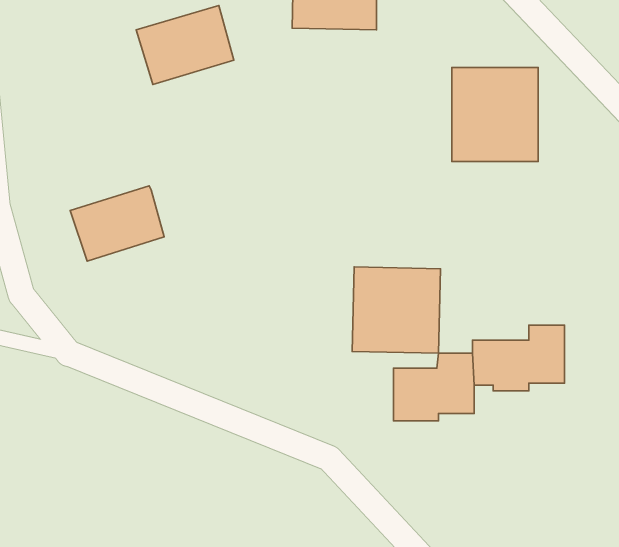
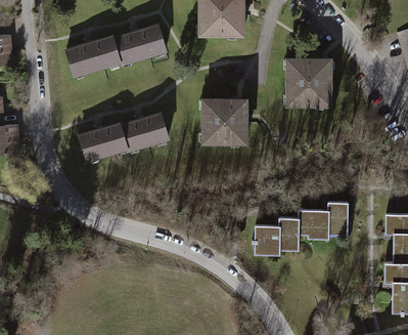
building: none -> [64,35,122,78]
building: none -> [122,112,171,153]
building: [352,267,440,353] -> [201,98,250,145]

